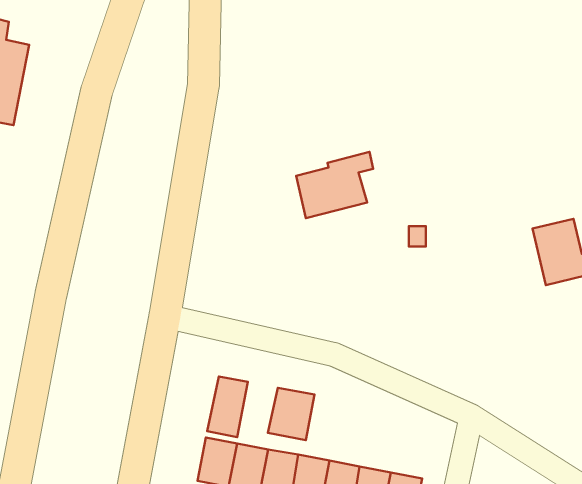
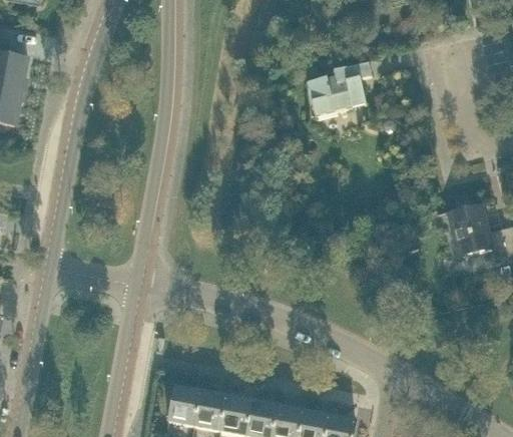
building: [296,152,373,218] -> [307,62,371,117]
building: [207,376,248,437] -> none
building: [268,388,315,440] -> none

